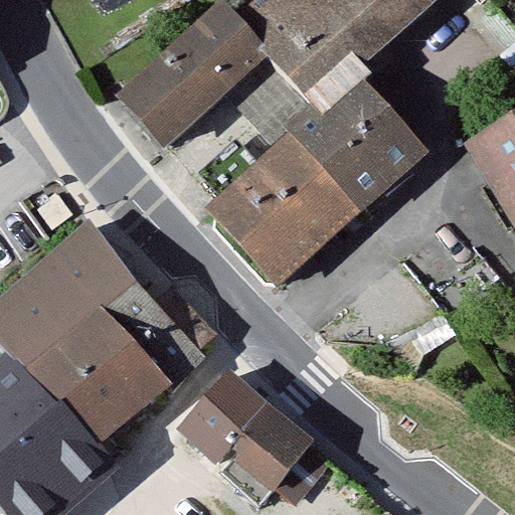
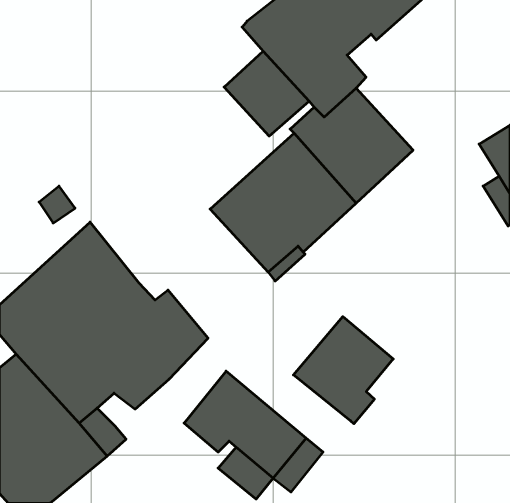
building: [128,7,265,138] -> none
building: none -> [293,317,393,424]

